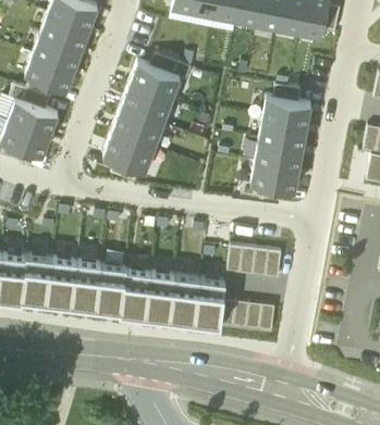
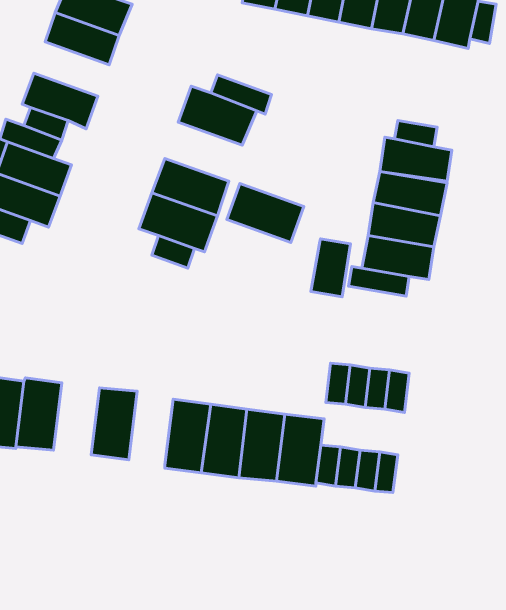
building: [34,32,84,67] -> none
building: [121,85,172,124] -> [227,183,304,242]
building: none -> [311,239,351,297]
building: [47,258,77,305] -> none
building: [97,263,126,312] -> none

